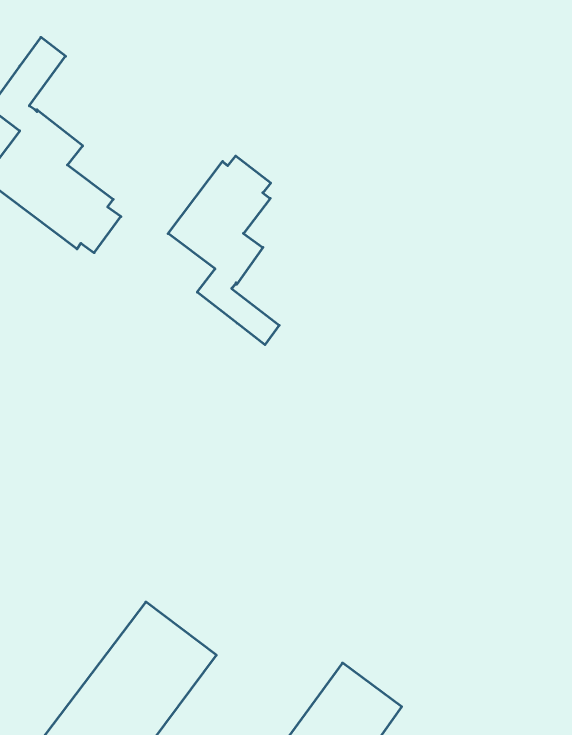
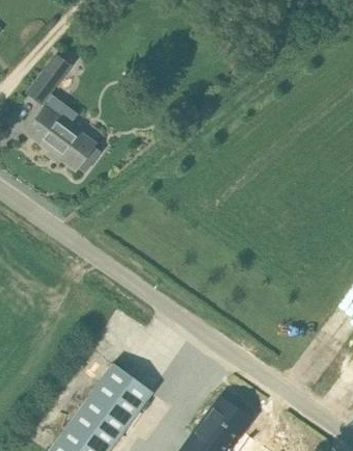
building: [168,156,279,345] -> none

